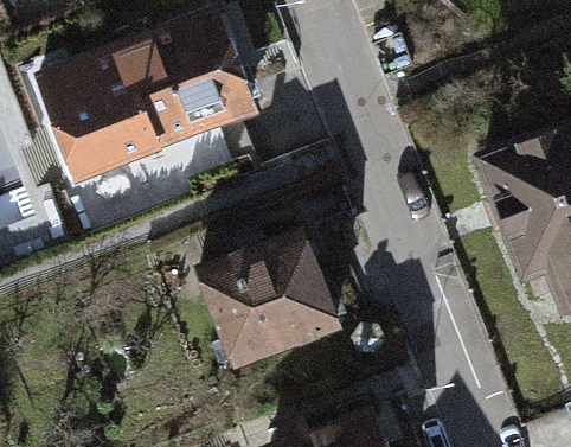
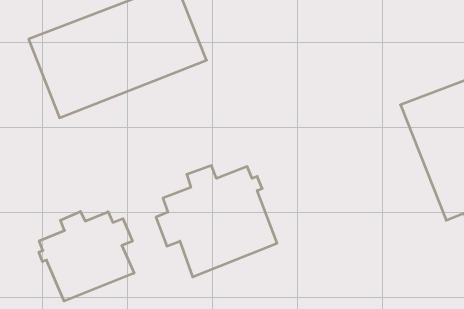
building: none -> [39,211,134,301]

